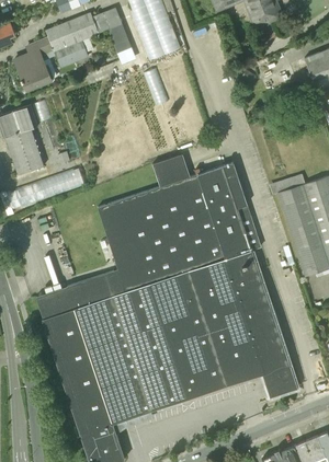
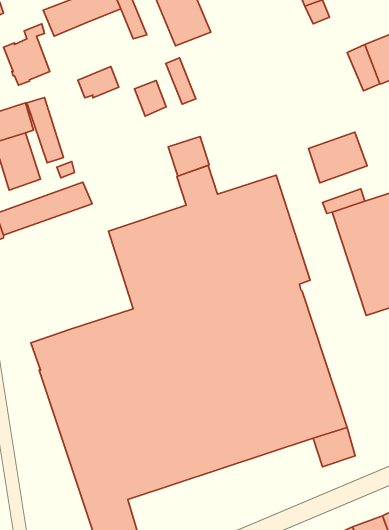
building: [54,41,87,66] -> [78,67,119,98]
building: none -> [134,81,166,116]
building: none -> [309,132,367,183]
building: none -> [168,137,209,176]

